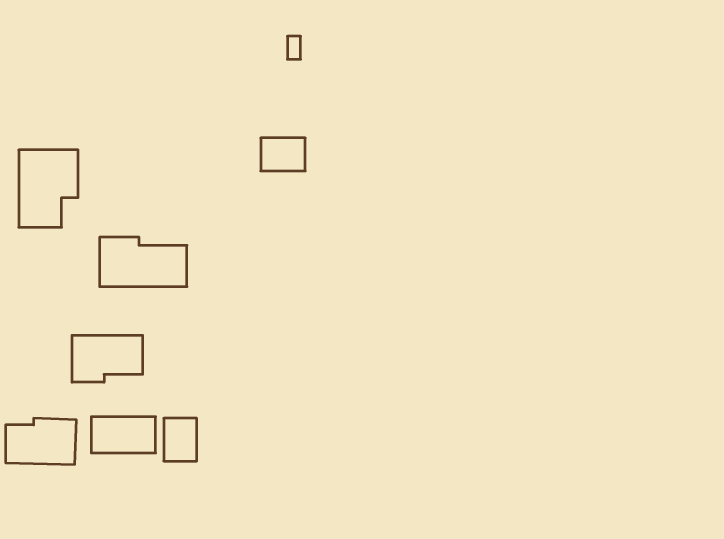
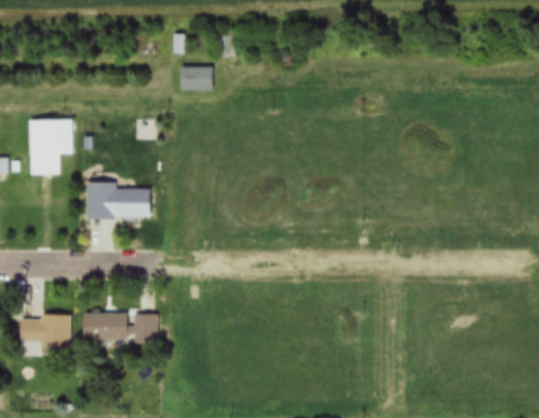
building: [261,138,305,171] -> [180,66,212,90]
building: [72,335,143,382] -> none

